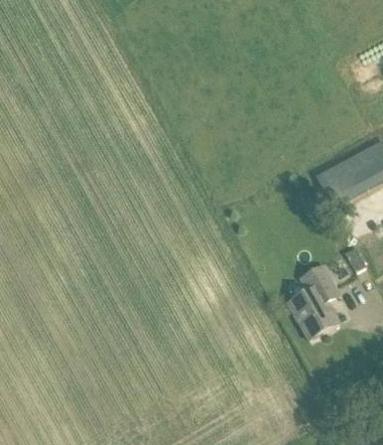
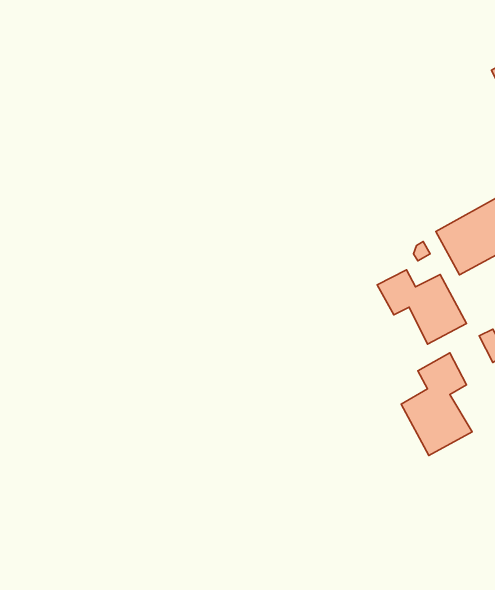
building: none -> [377,270,467,344]

